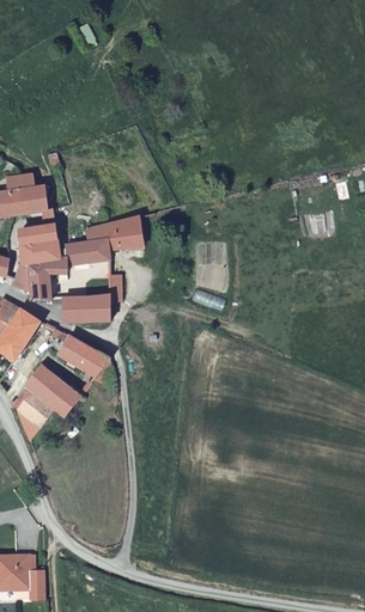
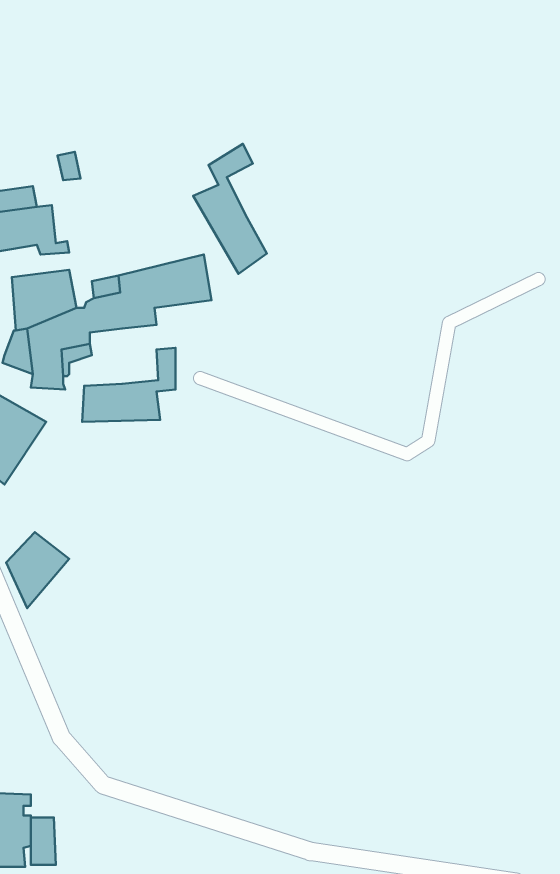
building: none -> [193,144,267,274]
building: [51,329,109,373] -> none
building: [25,365,79,415] -> none

